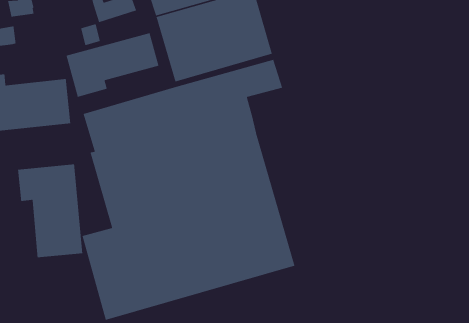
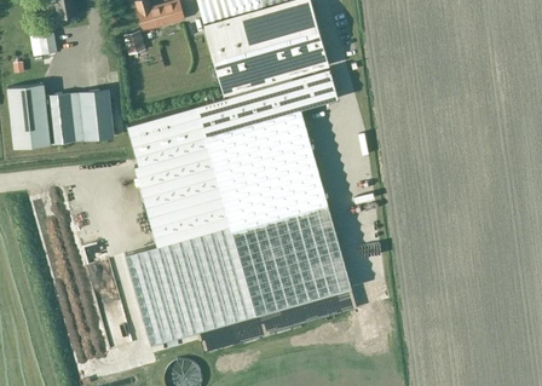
building: [65,32,160,98] -> none
building: [17,163,83,258] -> none

